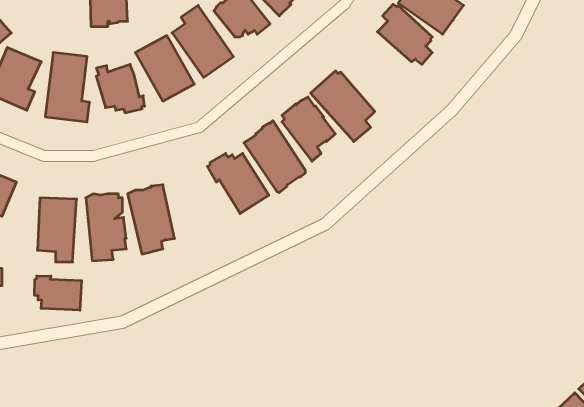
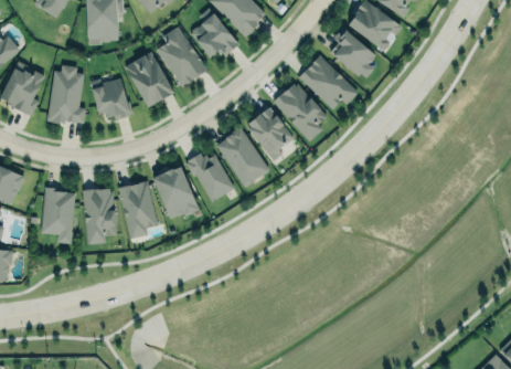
building: none -> [299,53,358,108]
building: none -> [152,165,199,218]
building: [35,276,82,310] -> none

